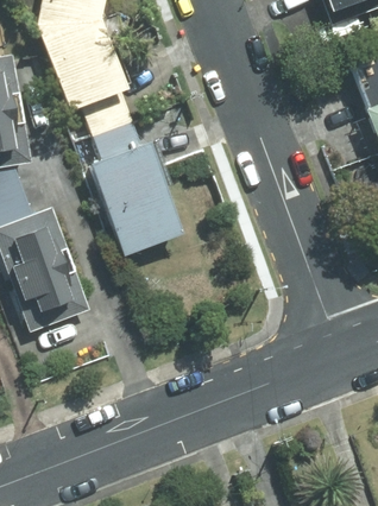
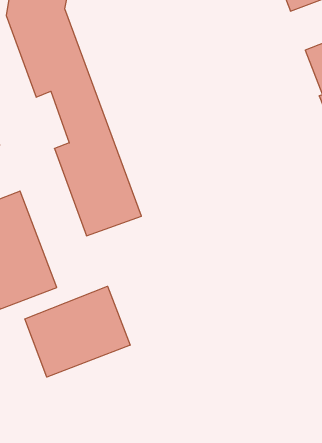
building: none -> [25,286,130,377]

